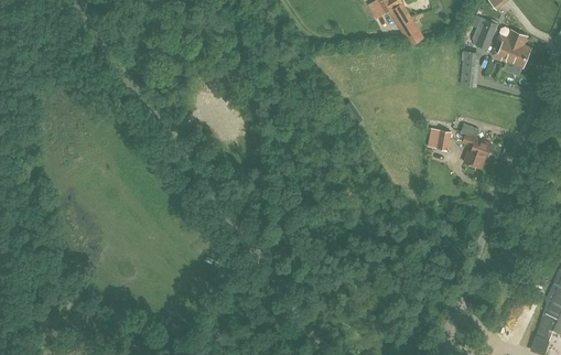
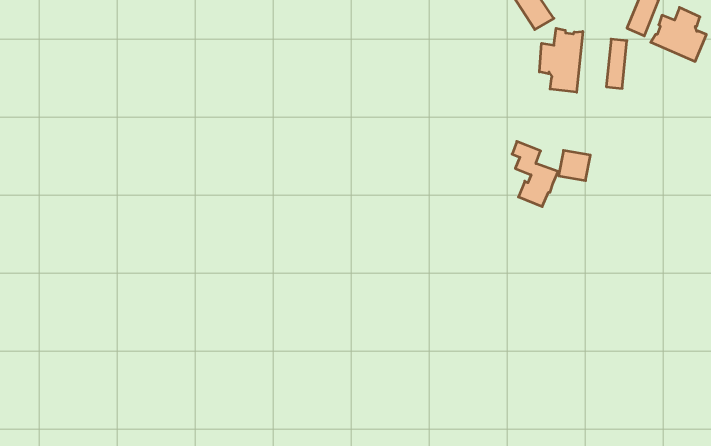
building: none -> [539,28,583,92]
building: [460,125,492,170] -> [512,141,558,207]

